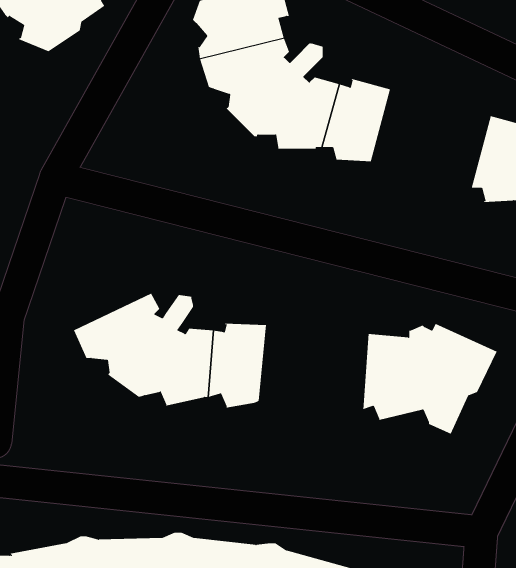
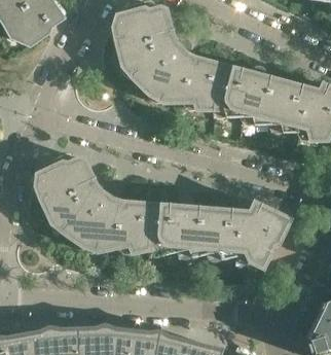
building: none -> [219,66,288,126]
building: none -> [37,157,93,207]
building: none -> [154,199,217,257]

